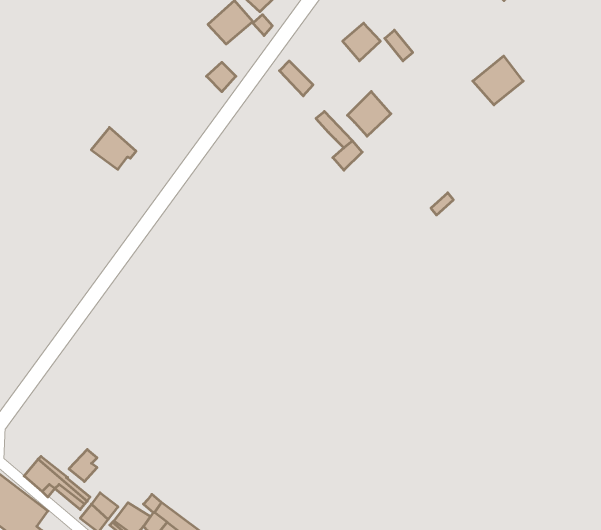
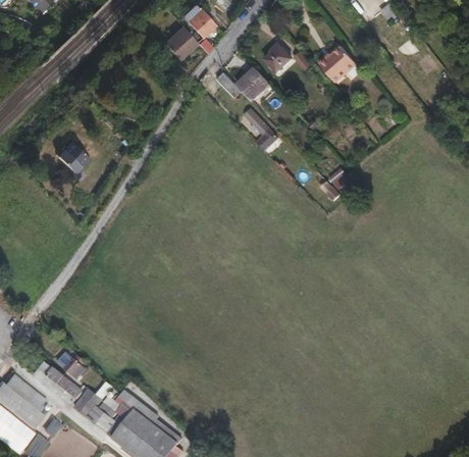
building: [473,56,523,105] -> [321,47,358,83]
building: [347,91,391,136] -> [237,67,268,100]
building: [91,127,136,169] -> [54,139,87,169]

